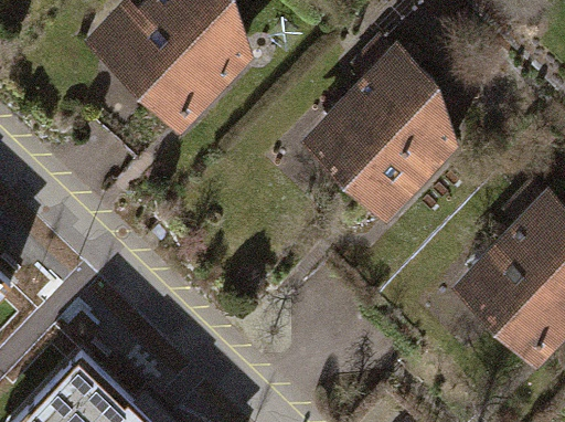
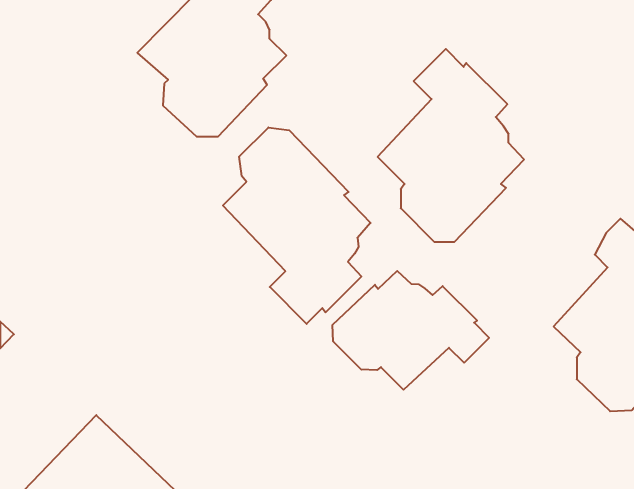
building: none -> [223,127,371,324]
building: none -> [333,271,489,390]

